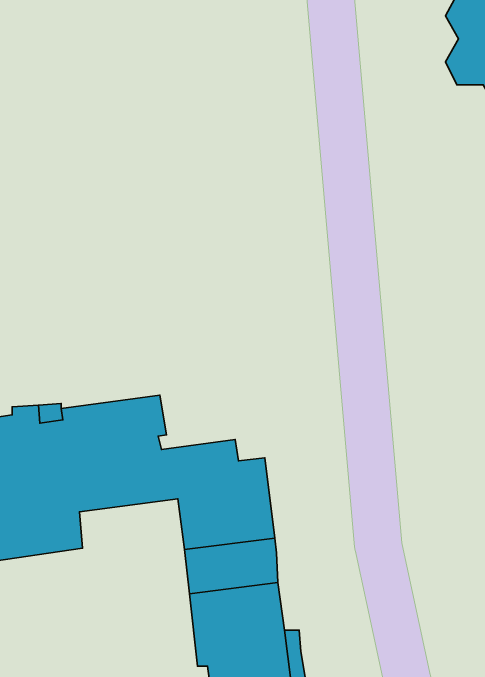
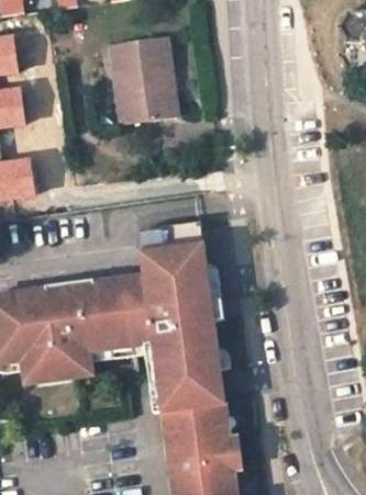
building: none -> [108,38,175,124]
building: none -> [140,225,215,323]

